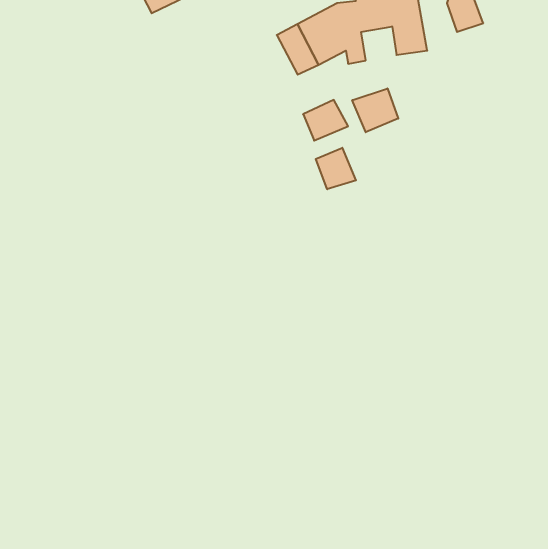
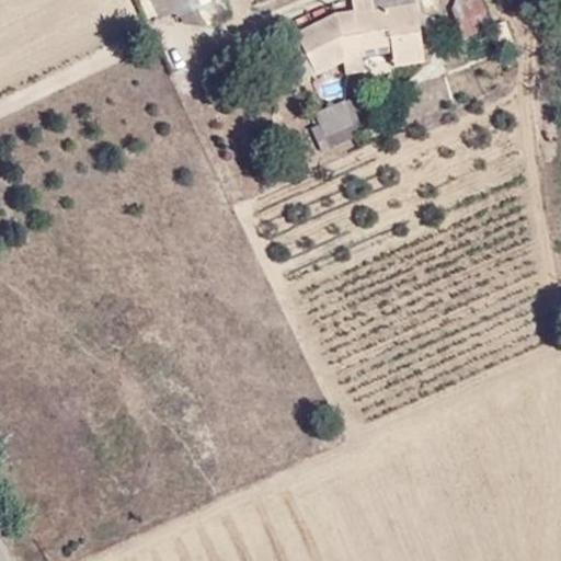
building: [352,88,398,132] -> none
building: [316,148,356,189] -> none

